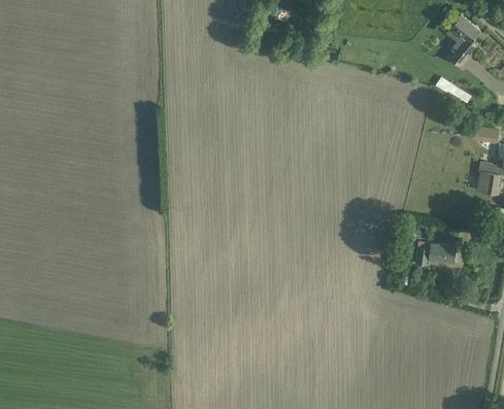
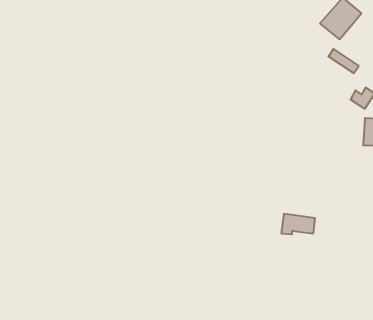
building: [413,241,455,266] -> [281,214,315,234]

